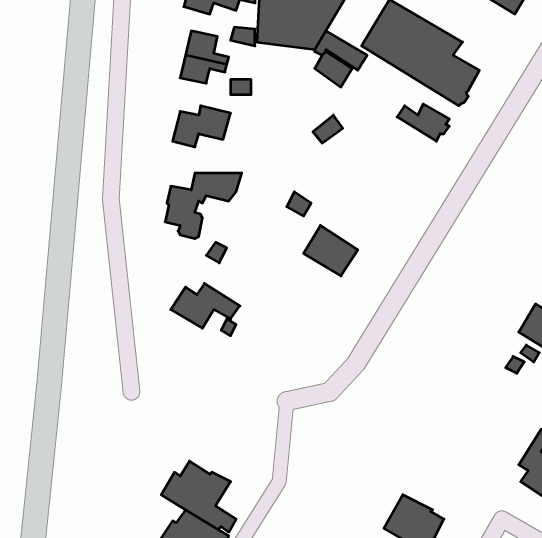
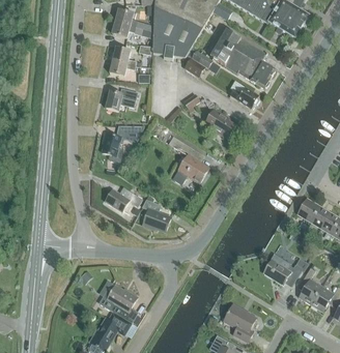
building: none -> [204,109,235,139]
building: none -> [142,199,171,231]
building: none -> [263,253,299,285]

